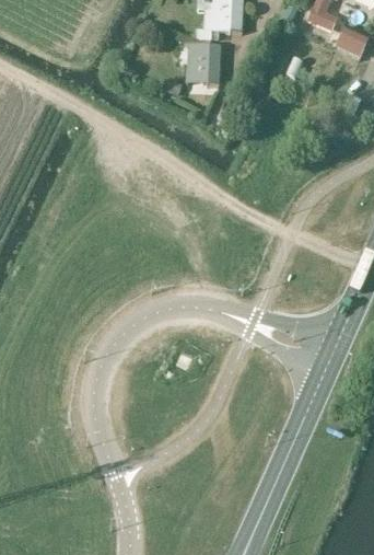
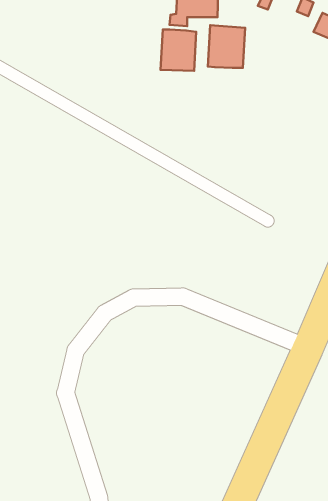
building: none -> [208,25,245,68]

